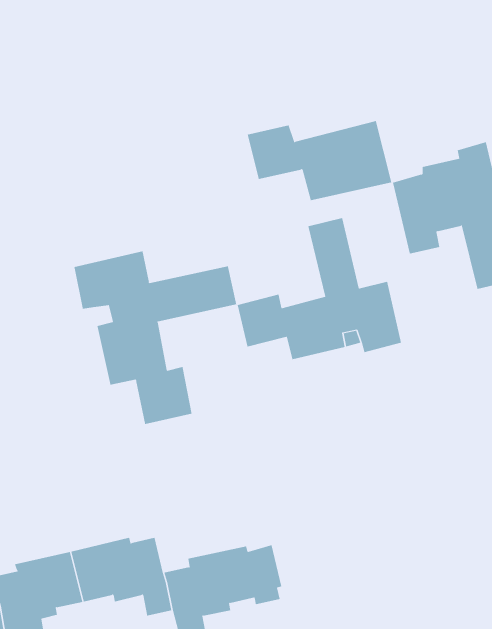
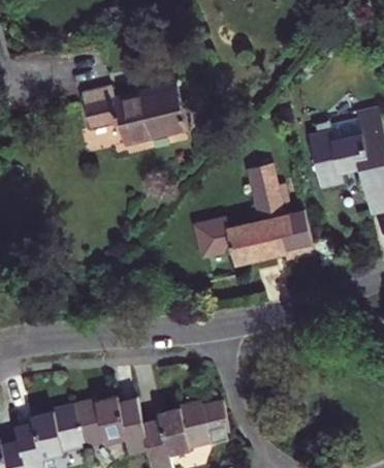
building: [247,120,392,201] -> [82,84,188,143]
building: [74,251,237,425] -> none

